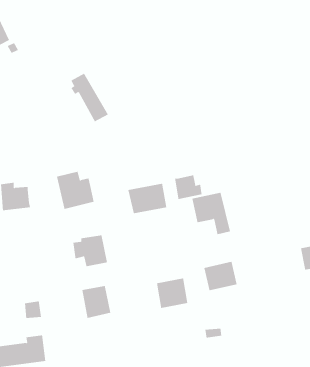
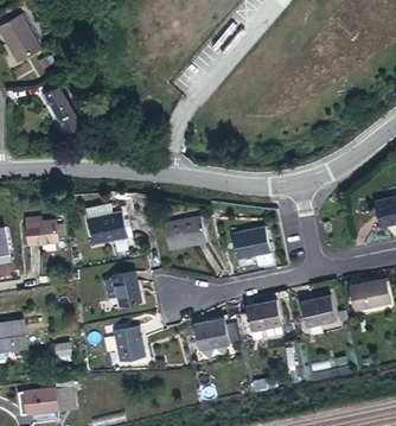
building: [70,73,109,122] -> [38,81,79,134]
building: [174,174,202,200] -> none
building: none -> [300,295,336,329]

